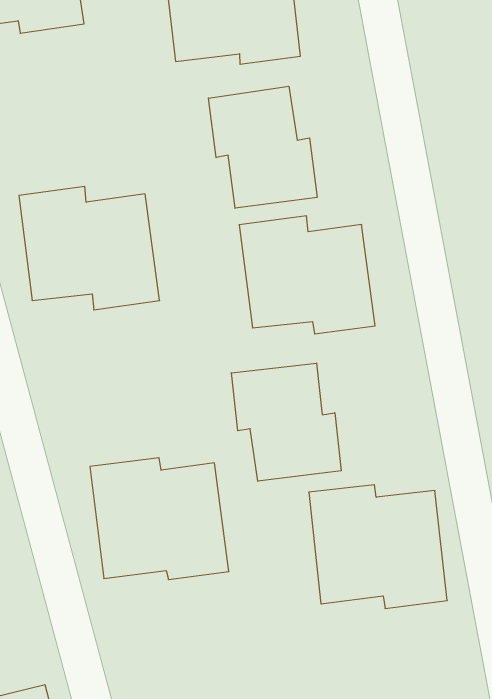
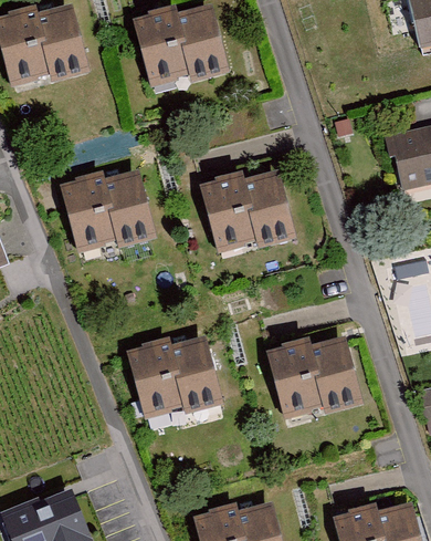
building: [208,86,317,208] -> none
building: [231,363,341,481] -> none

